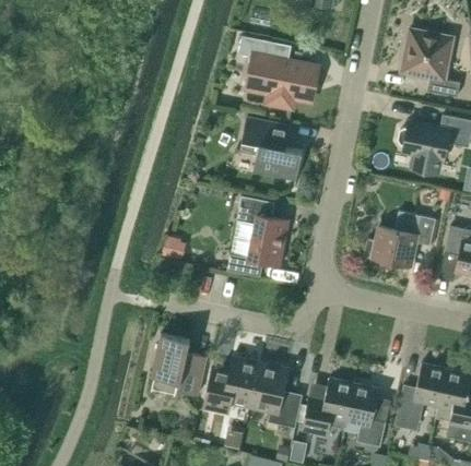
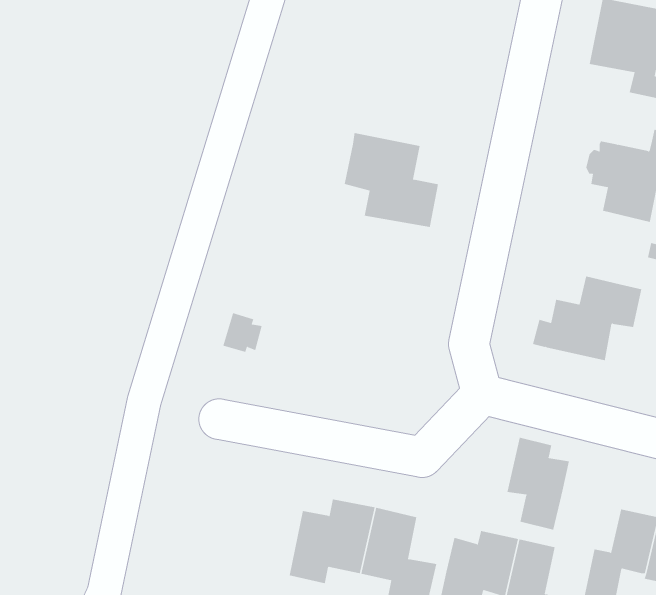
building: [238,35,318,107] -> none
building: [226,195,287,276] -> none
building: none -> [507,437,569,530]
building: [151,334,205,395] -> none

